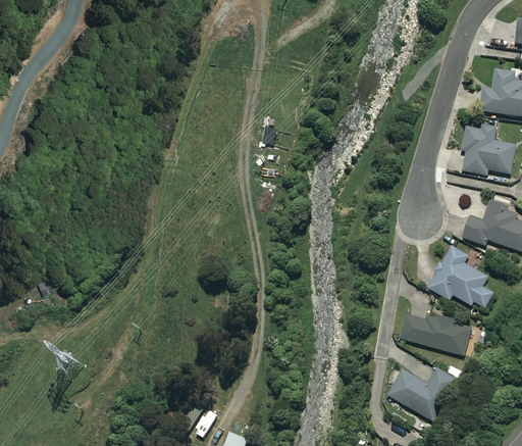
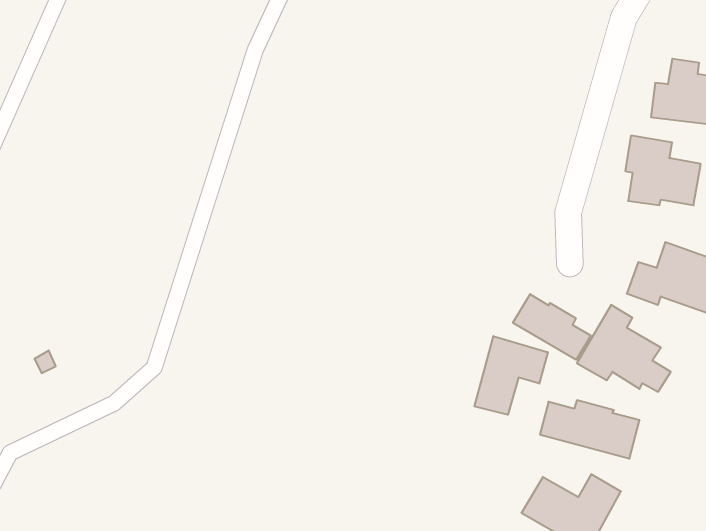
building: none -> [513,294,591,360]
building: none -> [474,336,548,415]

